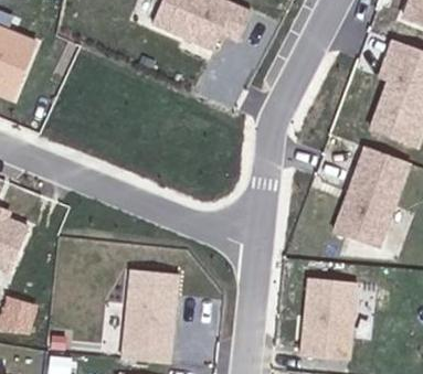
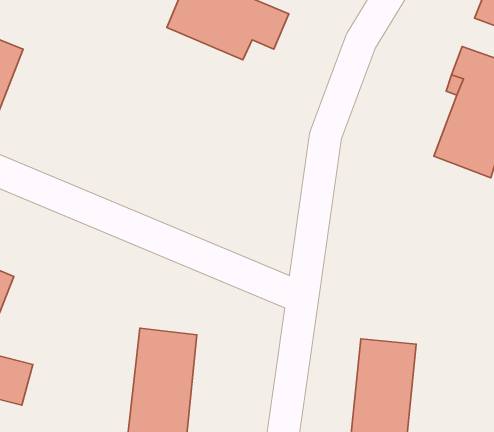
building: [335,147,409,247] -> none

